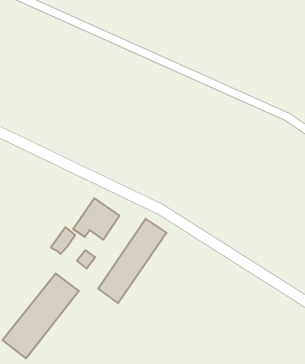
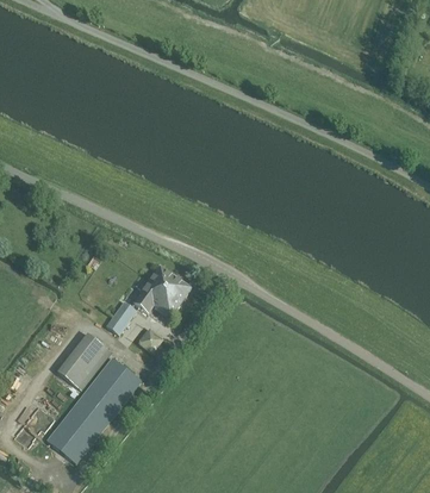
building: [98,219,167,303] -> none
building: none -> [57,333,111,391]

